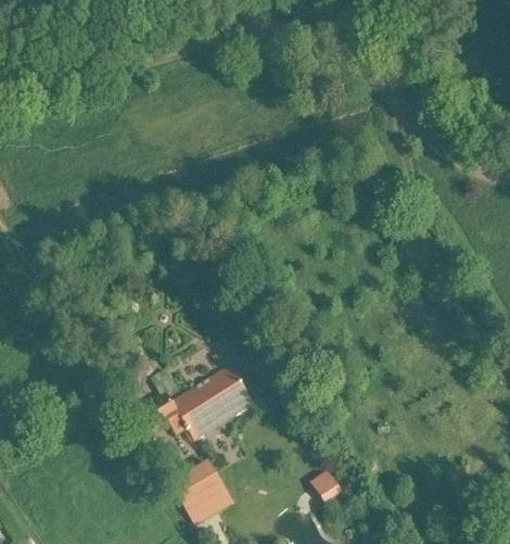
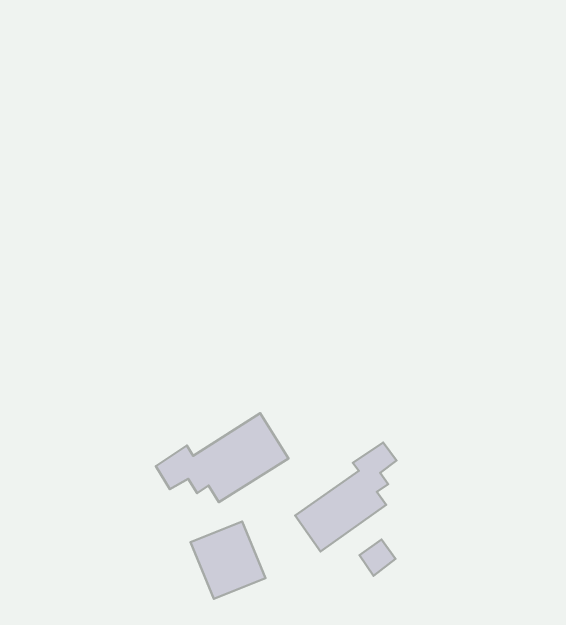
building: none -> [295,442,396,551]

